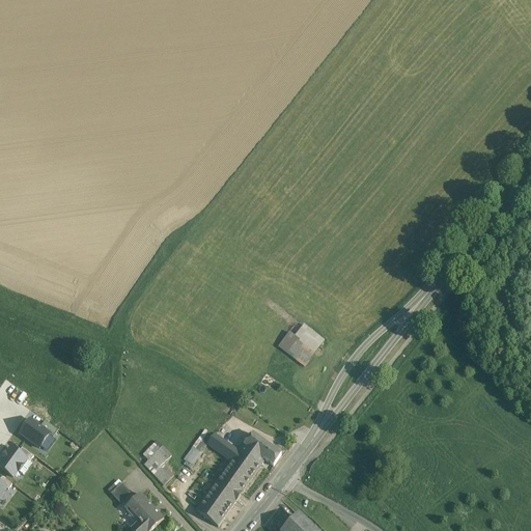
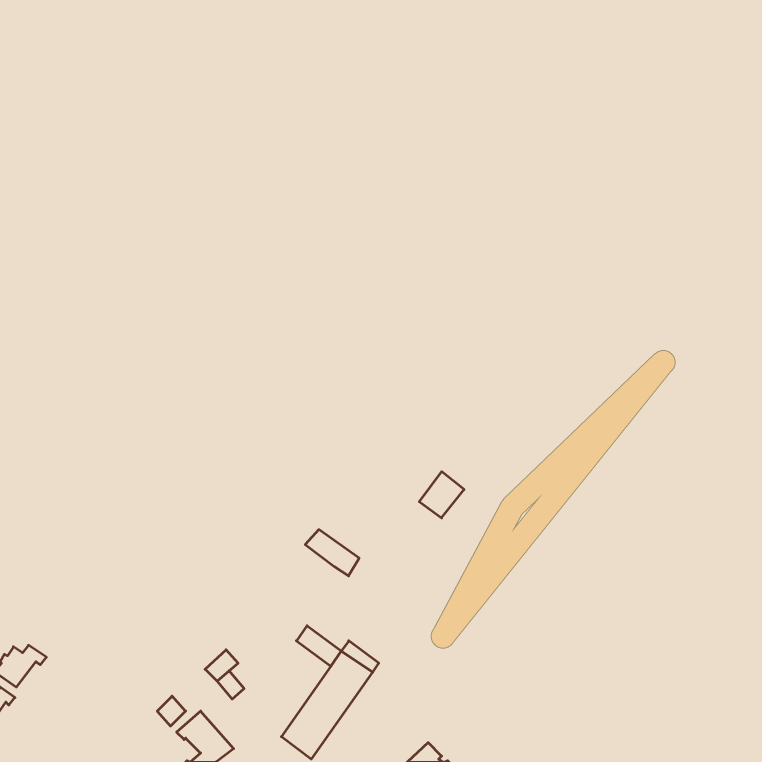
building: [18,419,56,447] -> none
building: [242,434,279,466] -> [305,530,359,576]

